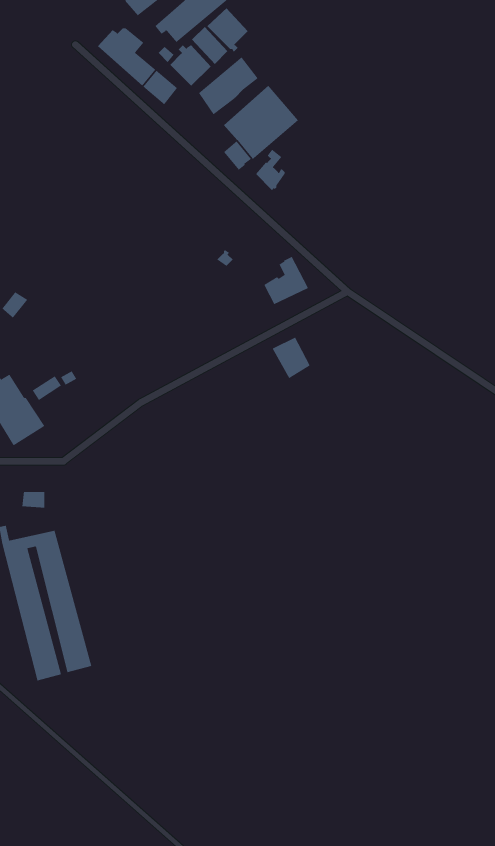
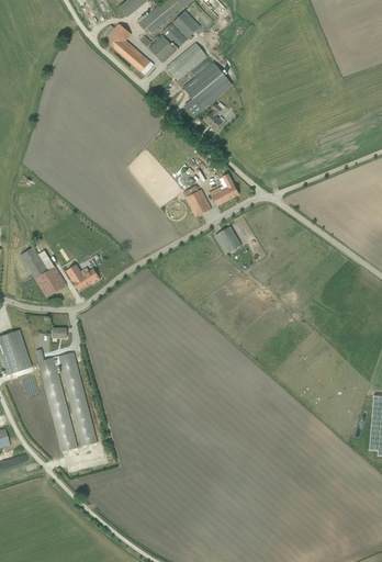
building: none -> [183,186,211,216]
building: none -> [66,265,99,290]

